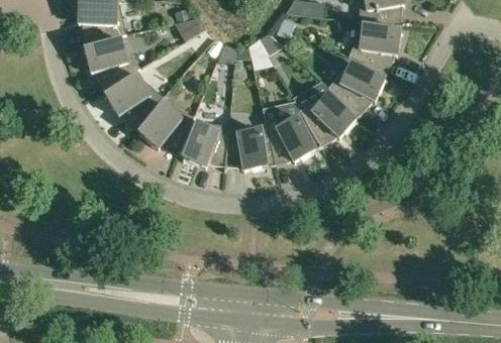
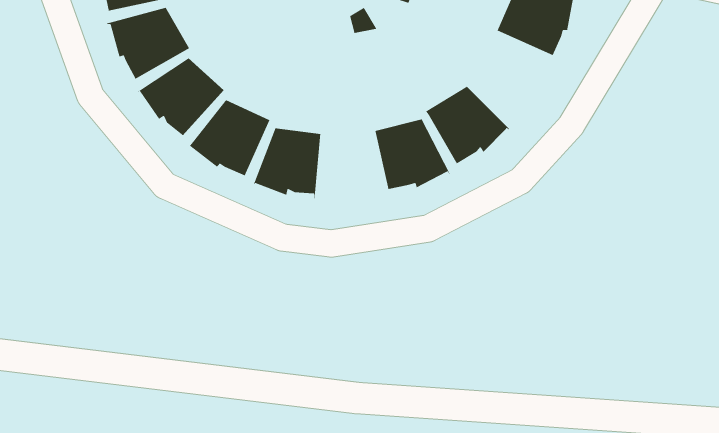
building: [327,60,387,113] -> none
building: [224,123,268,168] -> none

